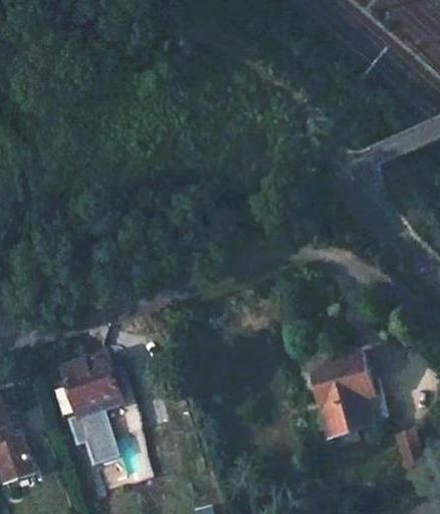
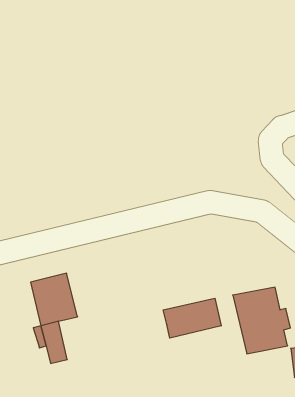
building: none -> [163,298,221,338]

